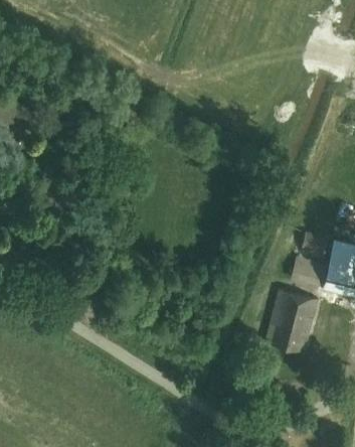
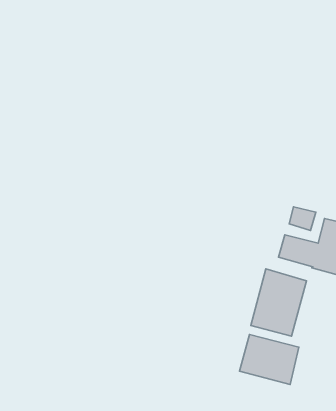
building: none -> [240,334,299,385]

